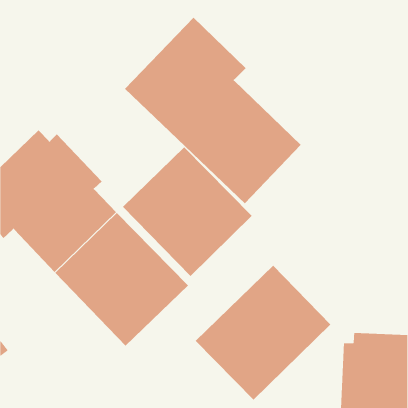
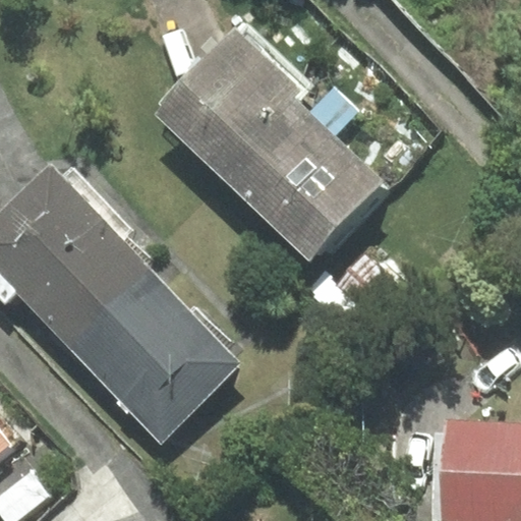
building: [122,146,252,277] -> none
building: [195,265,331,400] -> none

